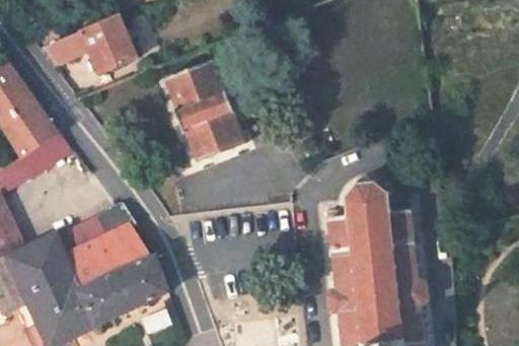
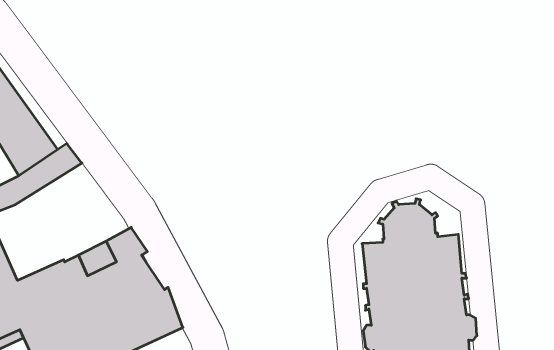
building: [38,16,137,75] -> none
building: [164,61,245,163] -> none

